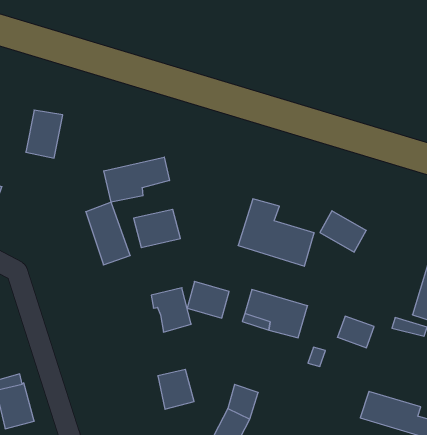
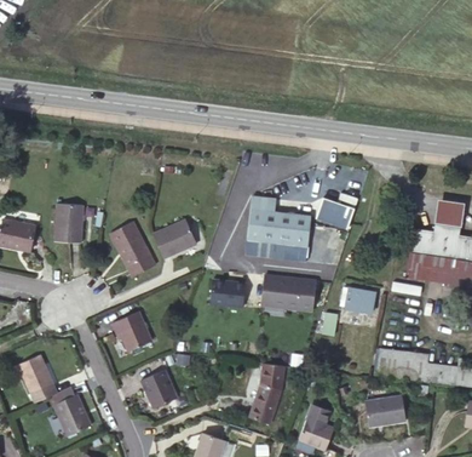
building: [26,110,63,158] -> [53,201,80,240]
building: [104,157,169,202] -> none
building: [151,288,191,332] -> [114,312,152,353]
building: [158,369,194,409] -> [142,370,177,407]

